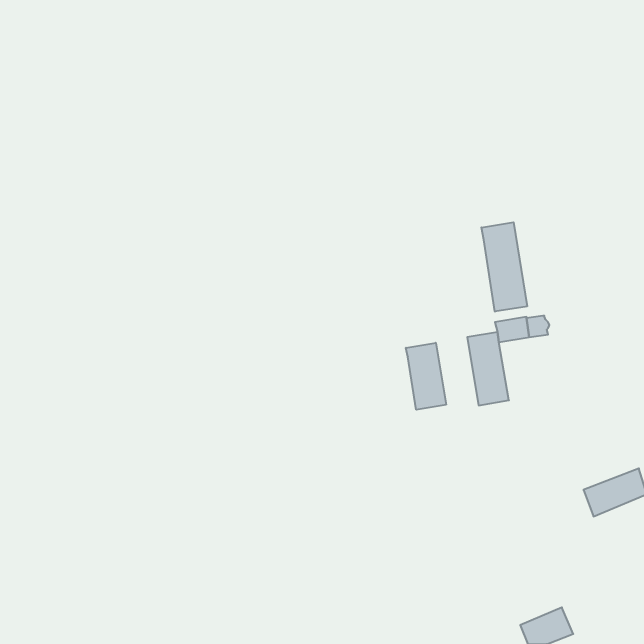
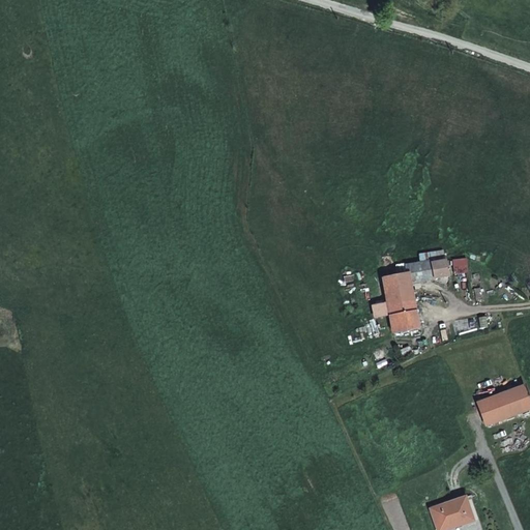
building: [481,222,527,312] -> none
building: [406,343,446,410] -> none

